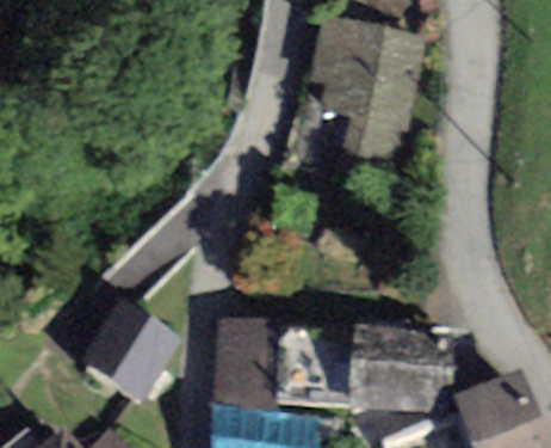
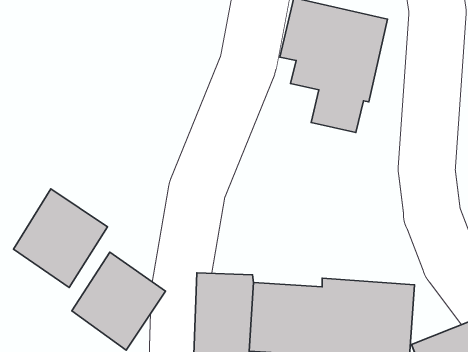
building: none -> [14,189,108,287]

